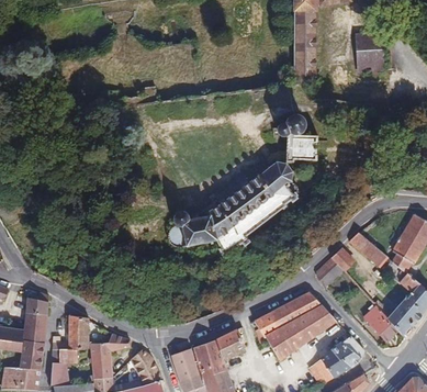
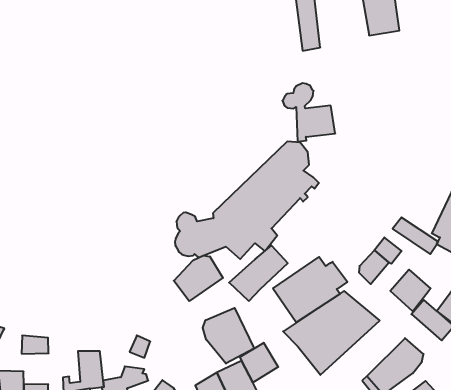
building: none -> [229,245,288,301]
building: none -> [174,256,223,301]
building: none -> [273,257,347,323]
building: none -> [390,270,431,311]
building: none -> [203,308,254,364]
building: [23,312,47,340] -> none

